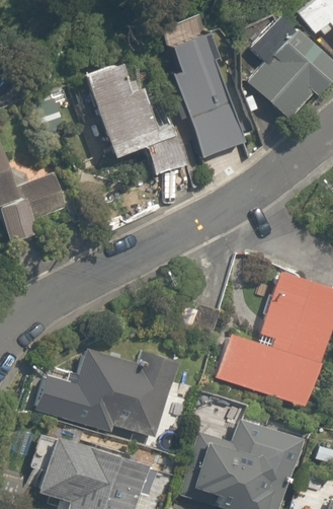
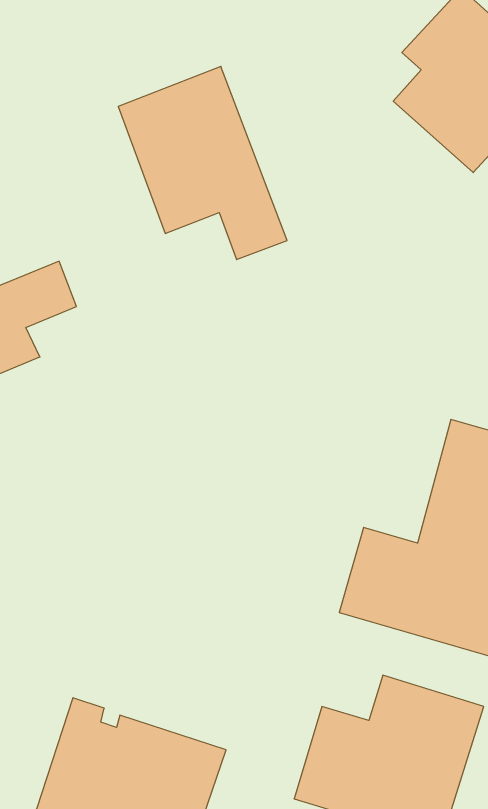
building: [166,26,245,155] -> none
building: [53,345,181,441] -> none

